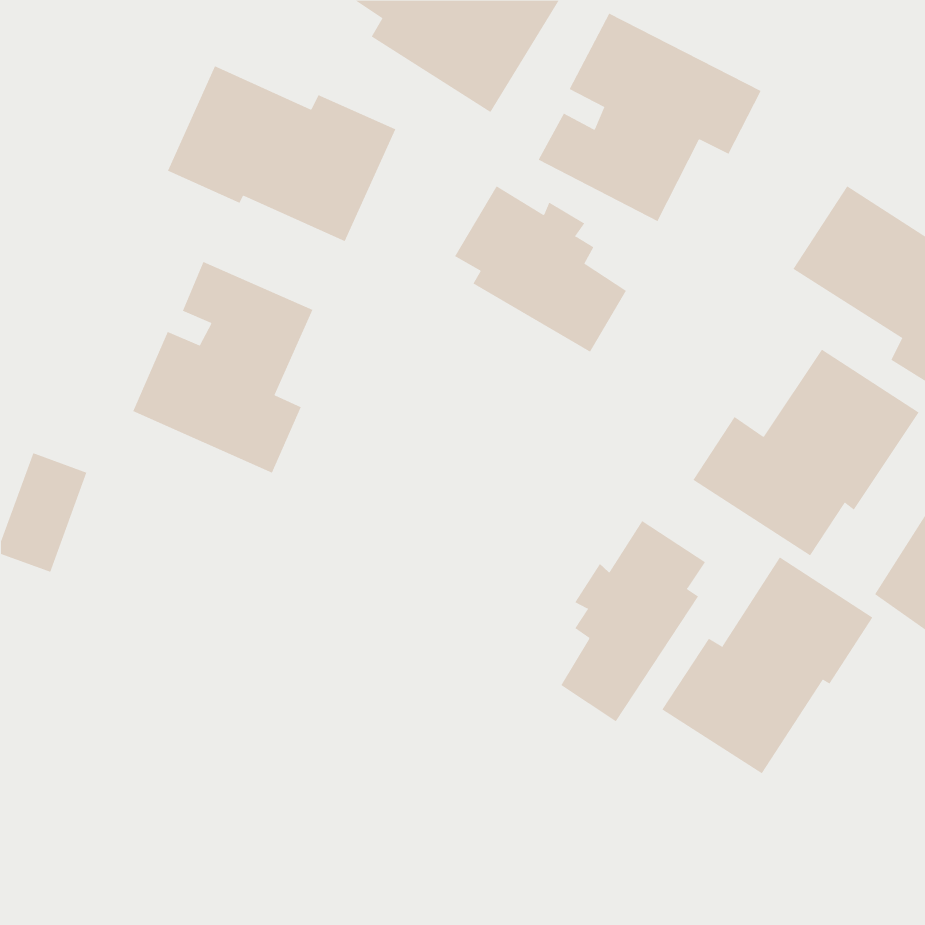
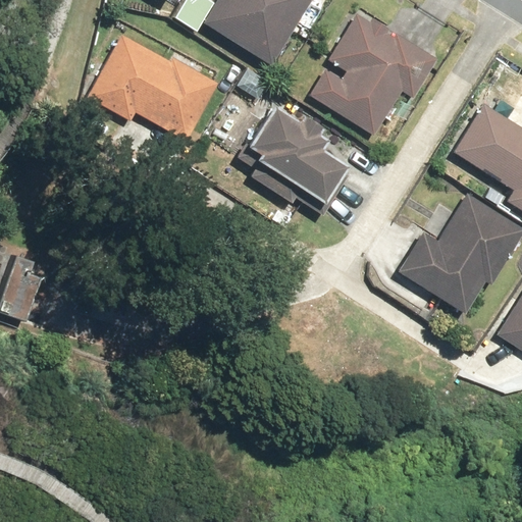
building: [133,261,313,473] -> none
building: [560,520,706,722] -> none
building: [662,557,873,774] -> none

